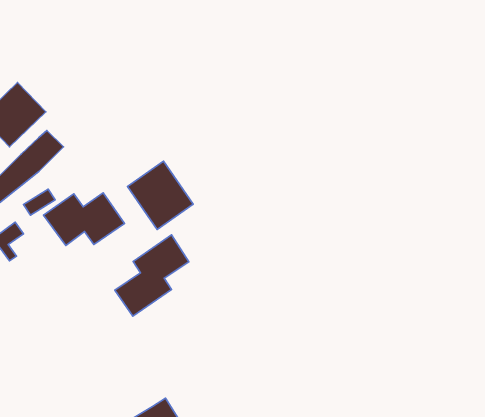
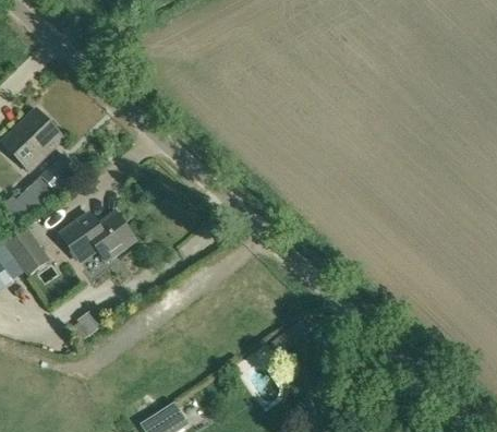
building: [127,161,193,229] -> none
building: [115,235,189,316] -> none

